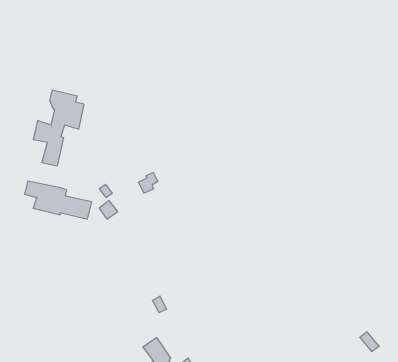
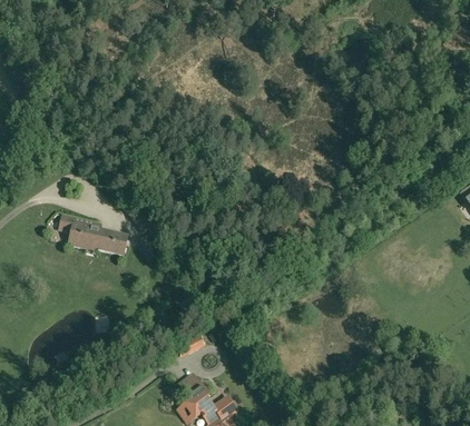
building: [34,90,84,166] -> none

